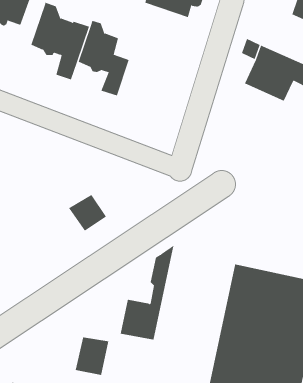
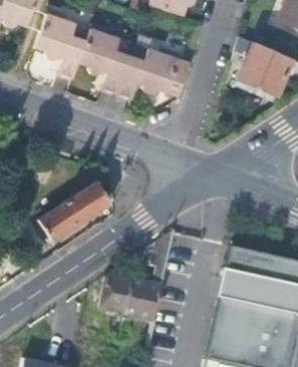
building: none -> [121,43,184,96]
building: none -> [37,196,90,243]
building: [75,337,109,376] -> [98,277,130,313]

